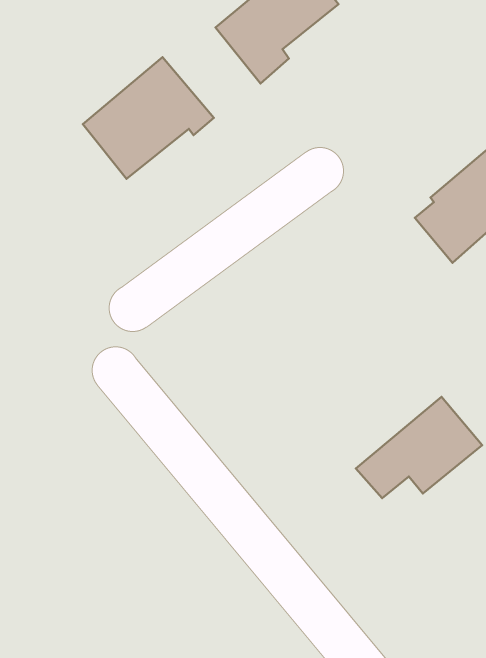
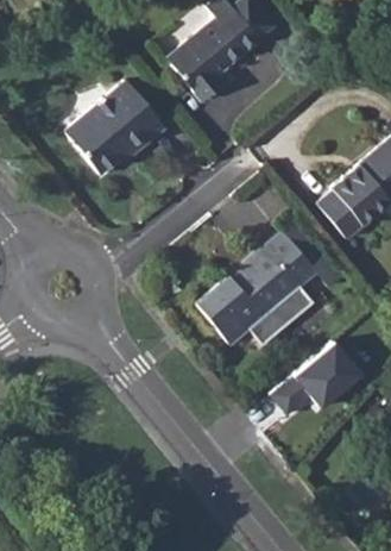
building: none -> [198,230,317,344]

